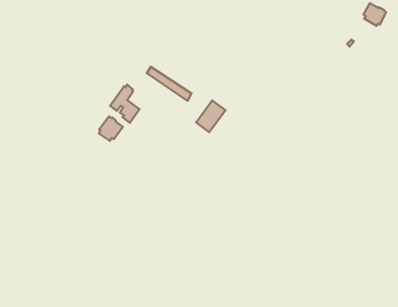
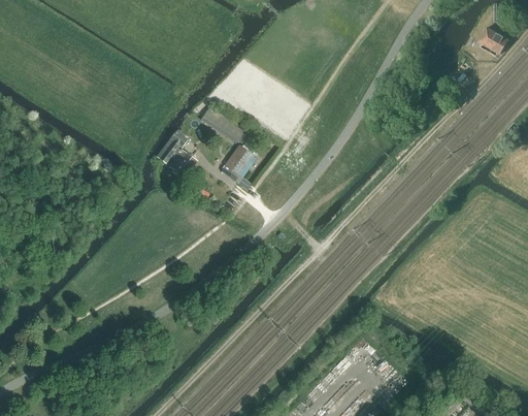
building: [196,101,225,132] -> [221,143,258,184]
building: [99,117,123,141] -> none

